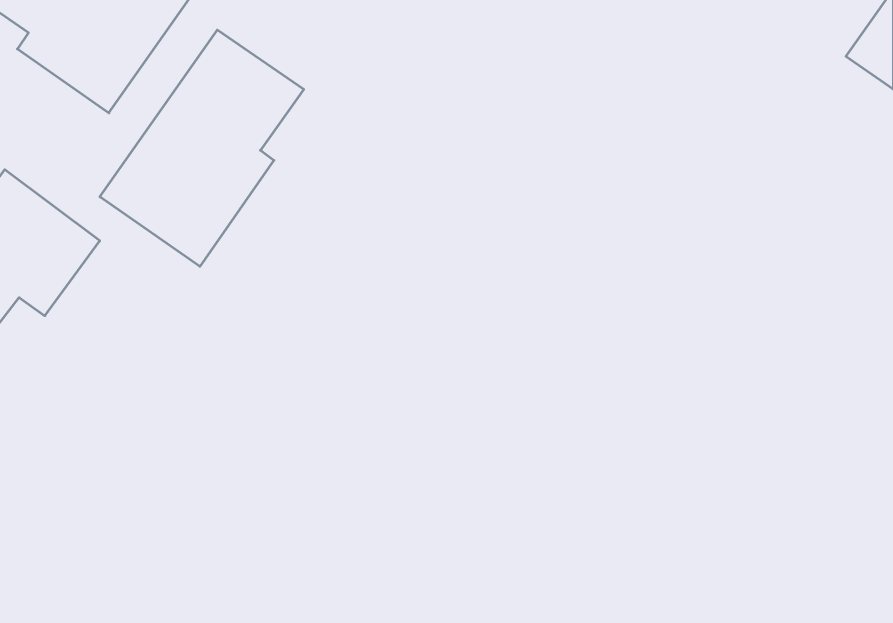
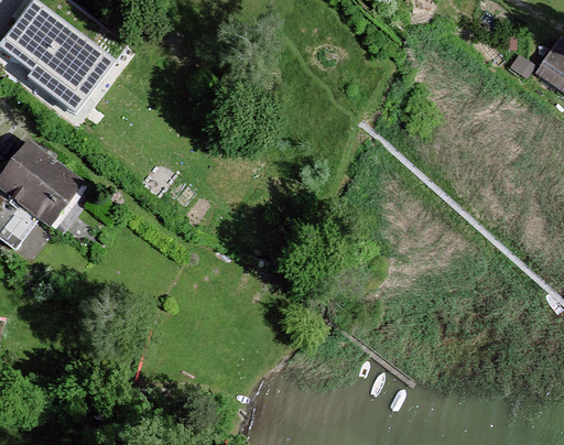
building: [100,30,304,266] -> none

